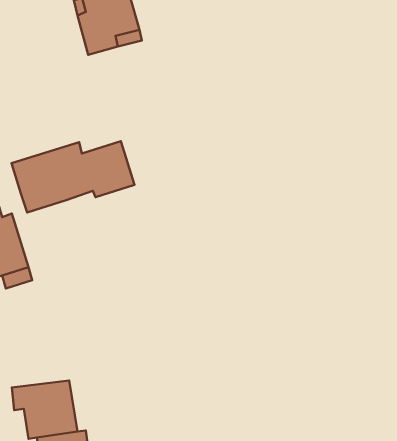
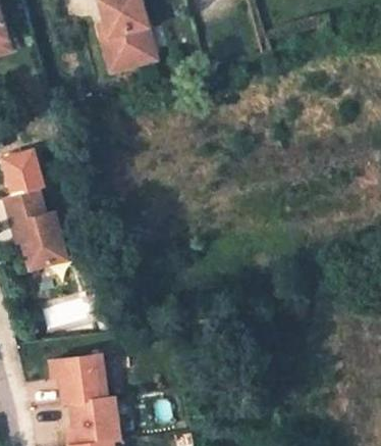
building: [12,141,135,212] -> none

